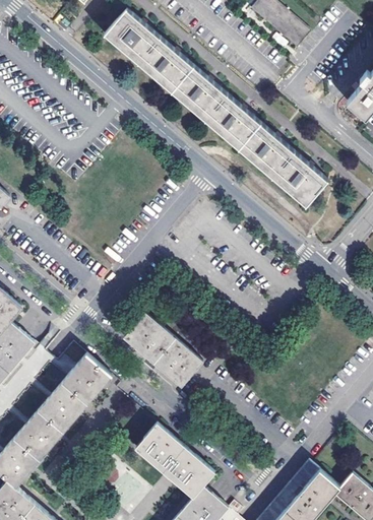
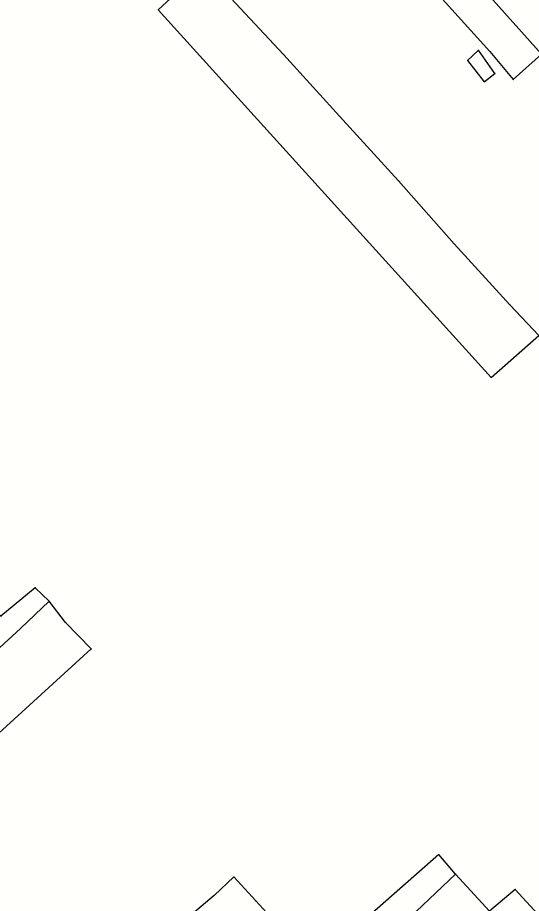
building: [123,313,202,387] -> none
building: [135,422,214,497] -> none

